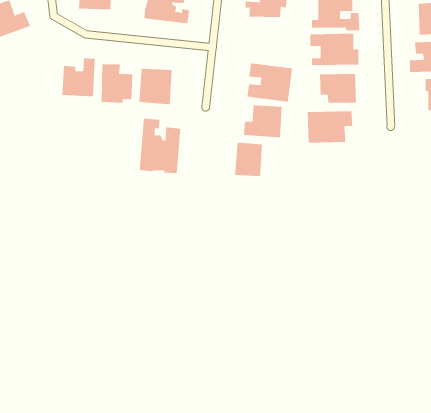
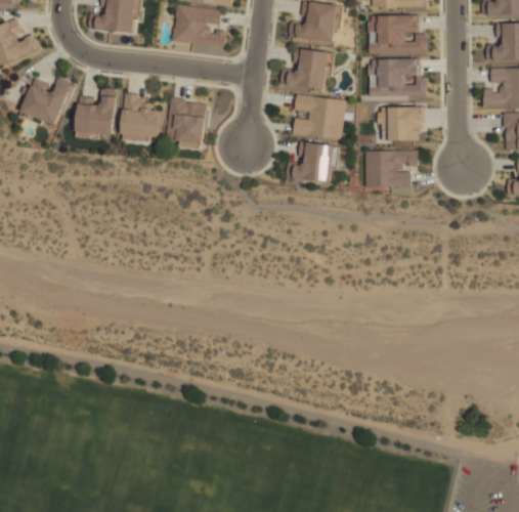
building: none -> [282,49,330,90]
building: none -> [20,78,73,126]
building: [139,118,181,174] -> none
building: [234,142,262,177] -> none

